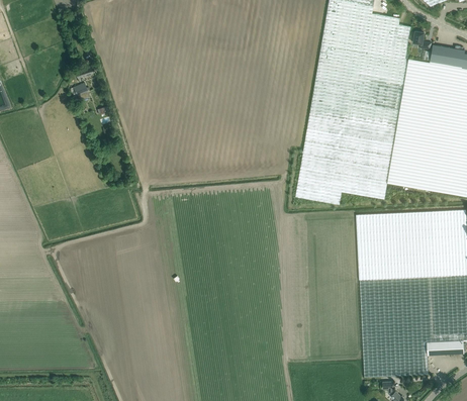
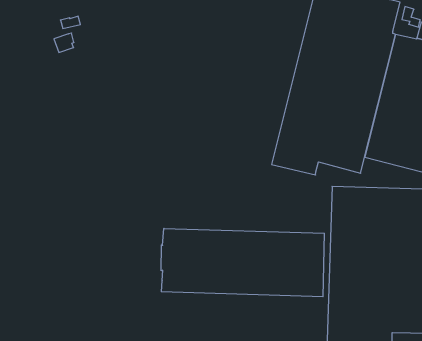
building: none -> [161,228,324,297]

